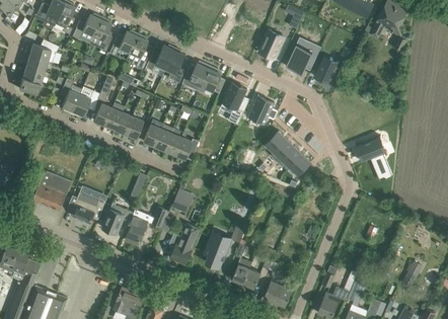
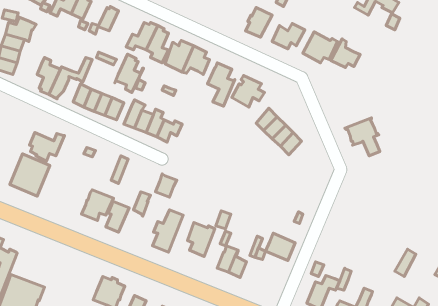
building: [125,33,152,70] -> [115,54,144,92]
building: none -> [331,39,360,68]
building: [72,197,105,225] -> [29,132,64,161]
building: [263,282,291,308] -> [266,233,295,261]

